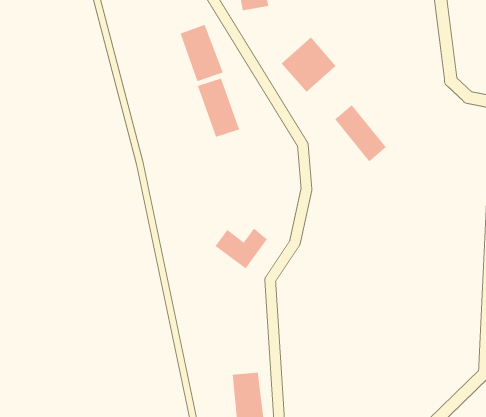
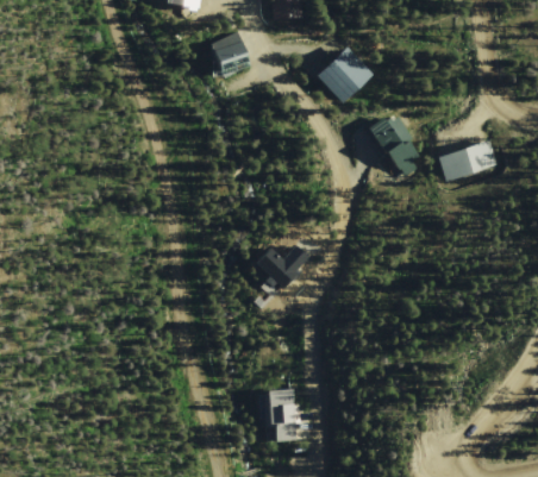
building: [197,77,240,138] -> none
building: none -> [438,142,496,182]

